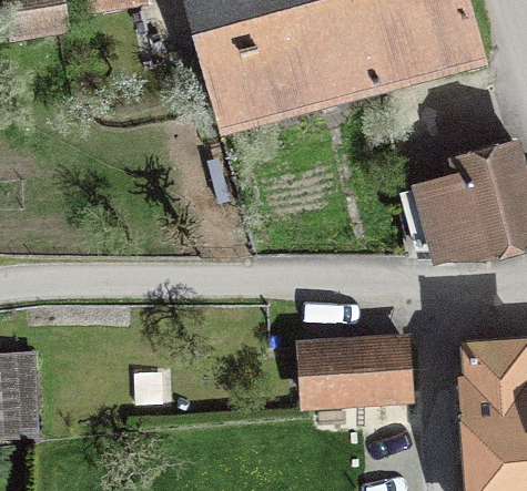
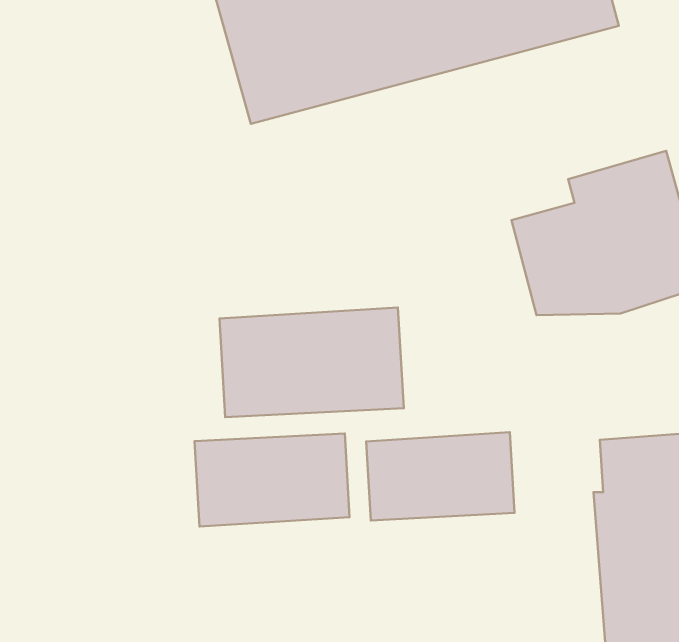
building: none -> [220,307,404,417]
building: none -> [195,433,350,527]

